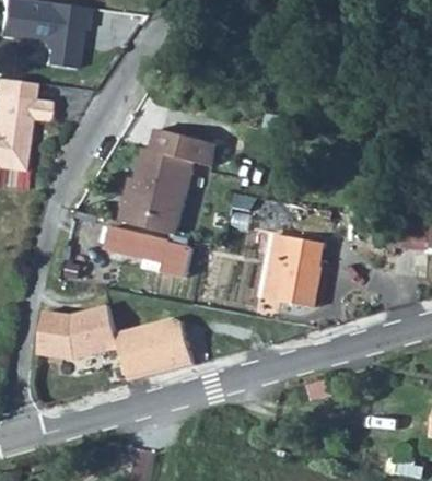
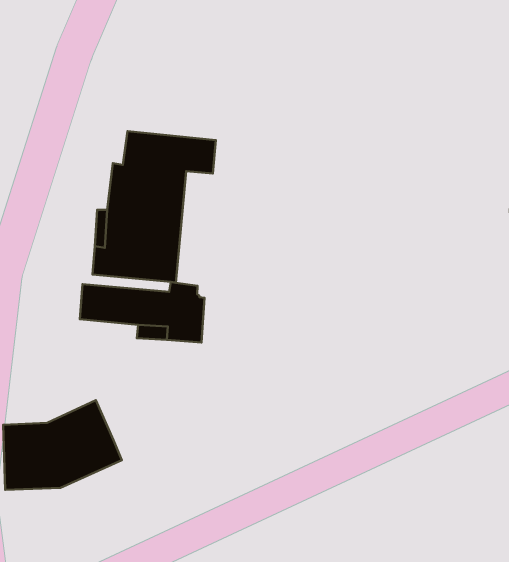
building: [267,234,326,306] -> none
building: [118,317,196,380] -> none

